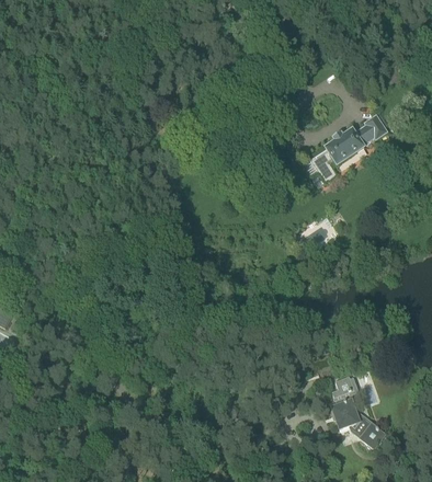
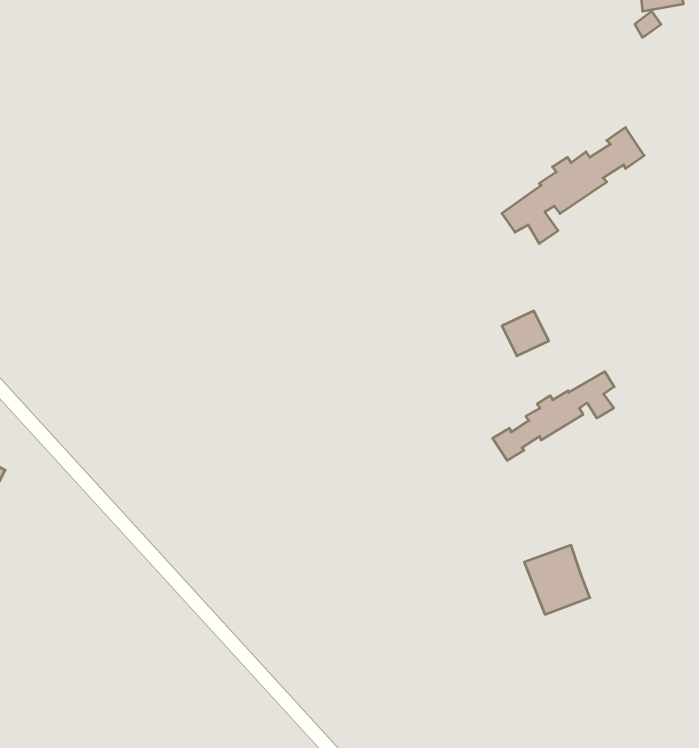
building: none -> [493,372,614,460]
building: [331,398,387,451] -> none

